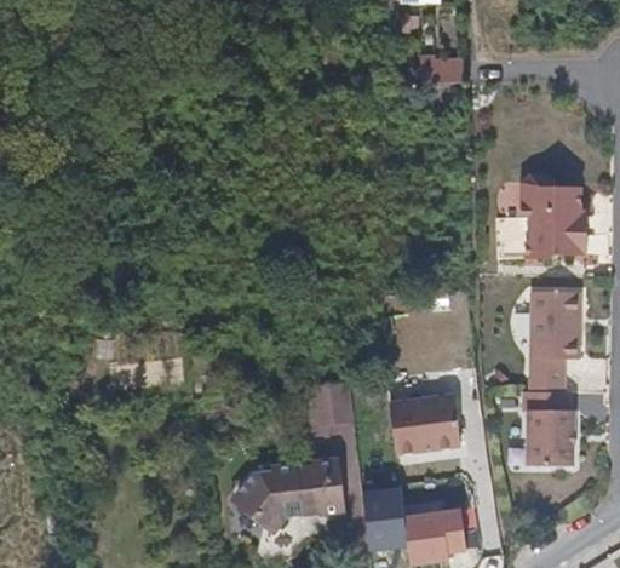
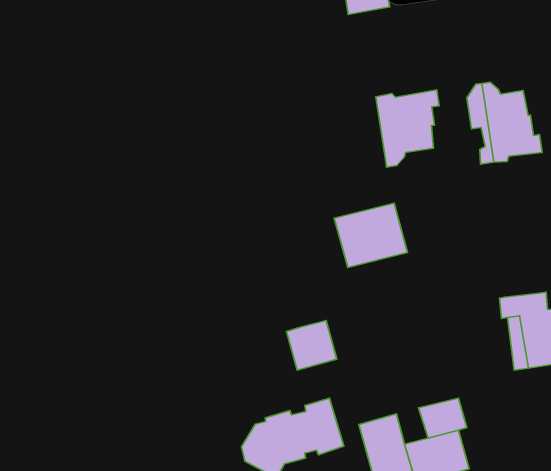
building: none -> [376,90,439,167]
building: [527,286,578,389] -> none
building: [391,395,459,452] -> [334,203,408,268]

